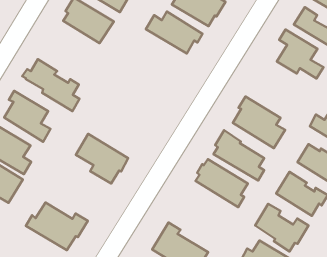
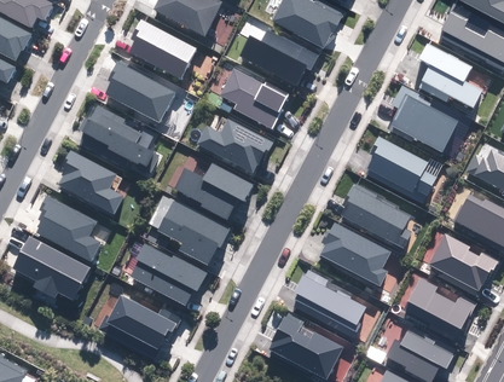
building: none -> [105,63,174,122]
building: none -> [220,68,289,128]
building: none -> [389,85,457,151]
building: none -> [198,122,272,173]
building: none -> [174,163,253,219]
building: none -> [128,244,207,306]
building: none -> [294,270,366,332]

